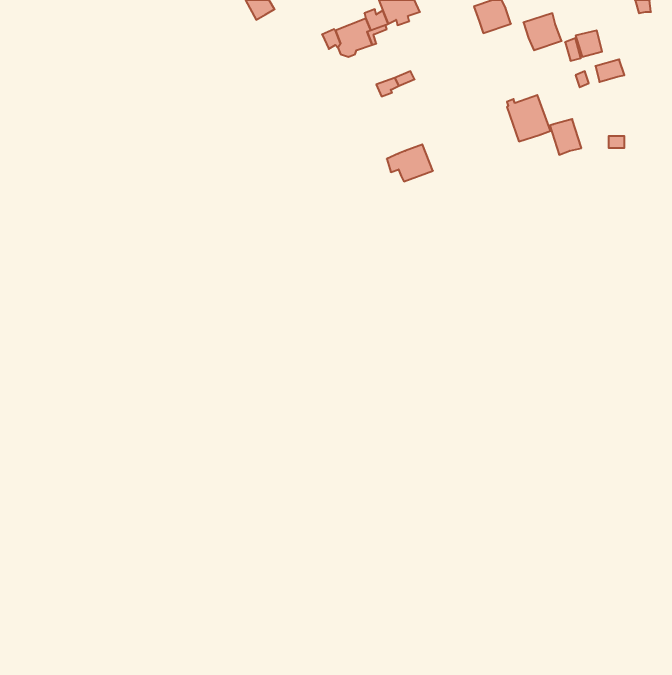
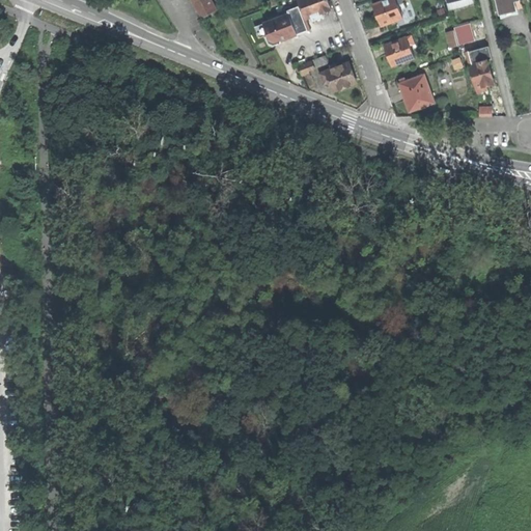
building: [523,13,562,50] -> [383,37,413,66]
building: [550,119,581,155] -> [468,60,493,88]
building: [387,144,433,181] -> [319,62,356,91]

